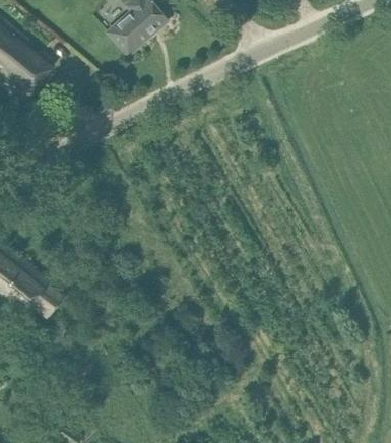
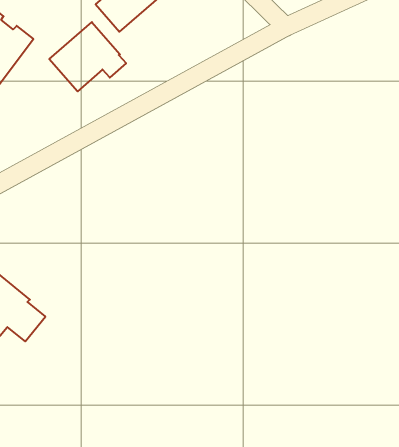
building: none -> [49,22,126,91]

